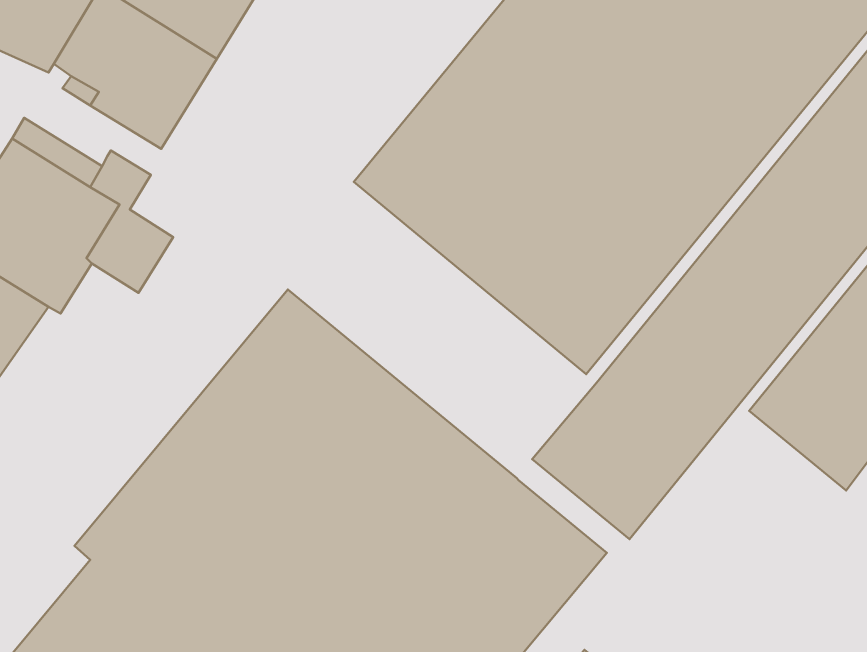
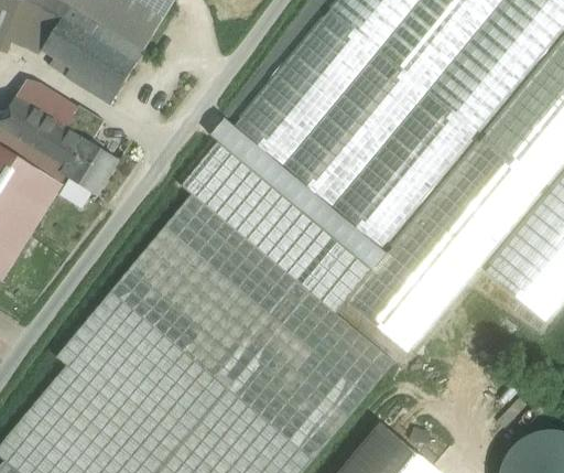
building: none -> [182,120,388,315]

